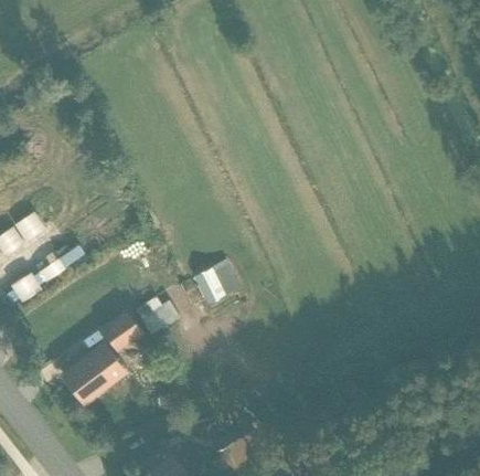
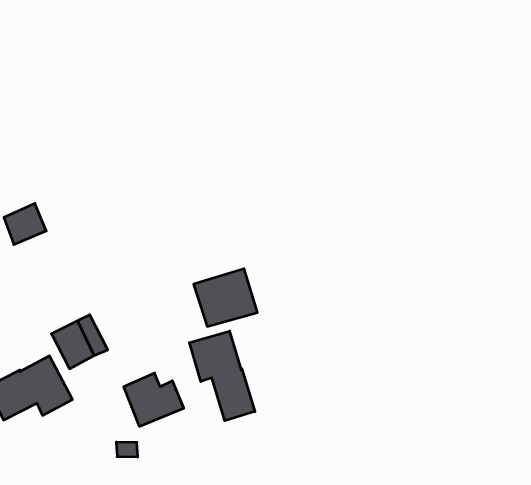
building: [136,296,180,335] -> [124,373,184,426]
building: none -> [189,331,255,421]

